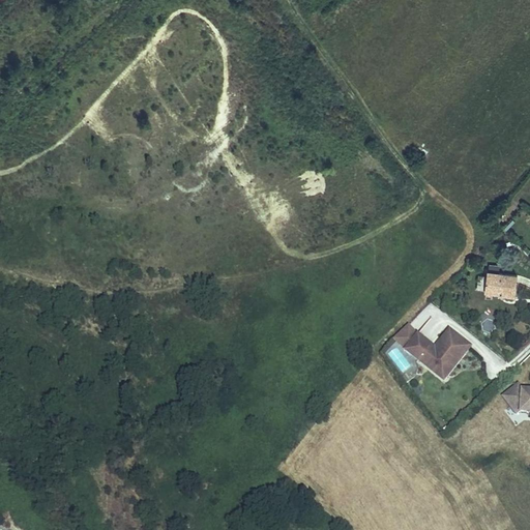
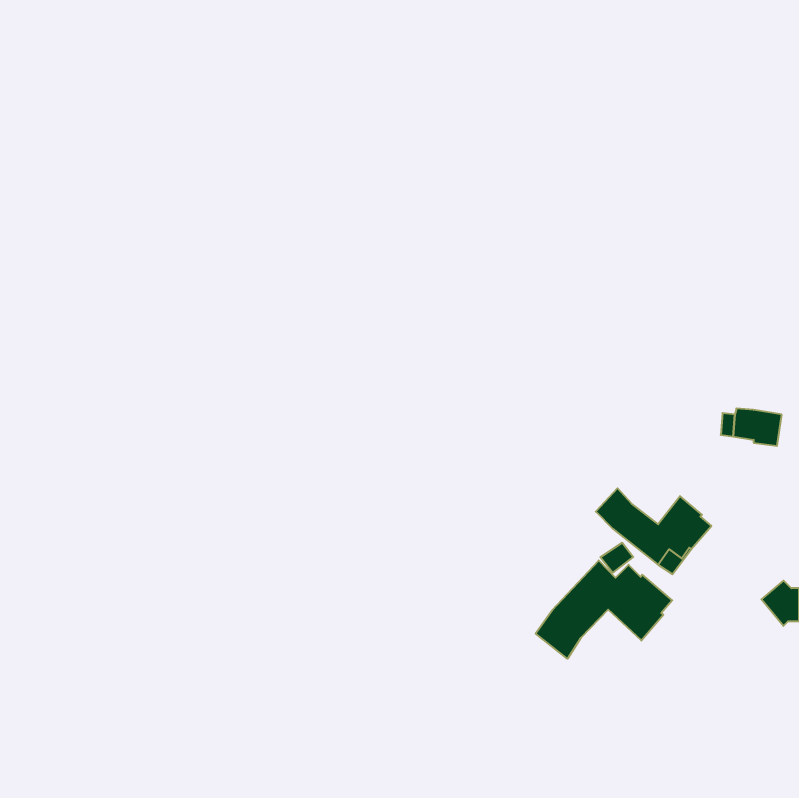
building: none -> [536,560,672,659]

